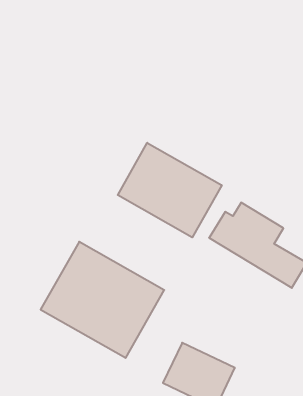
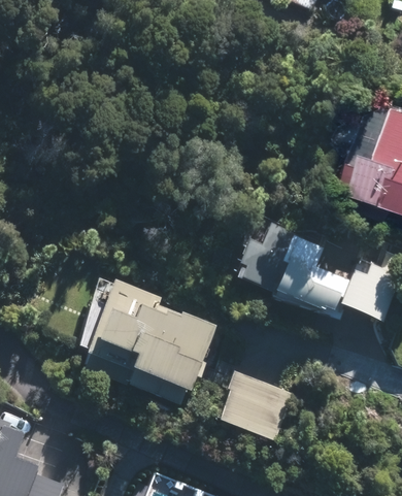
building: [118,143,222,237] -> none

